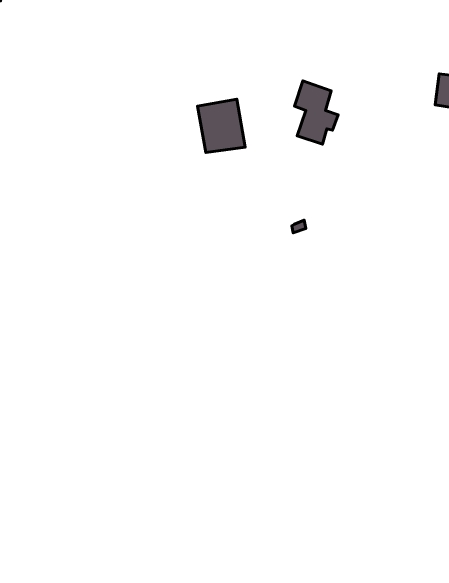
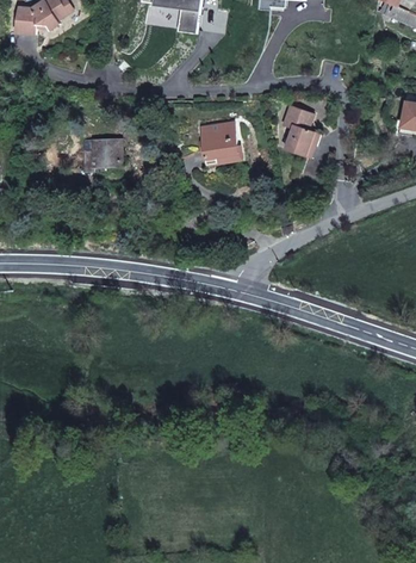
building: none -> [82,138,122,171]

